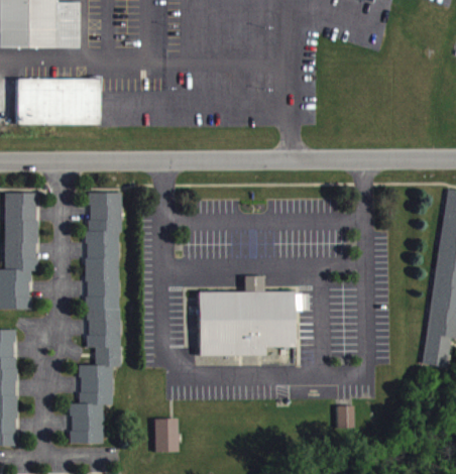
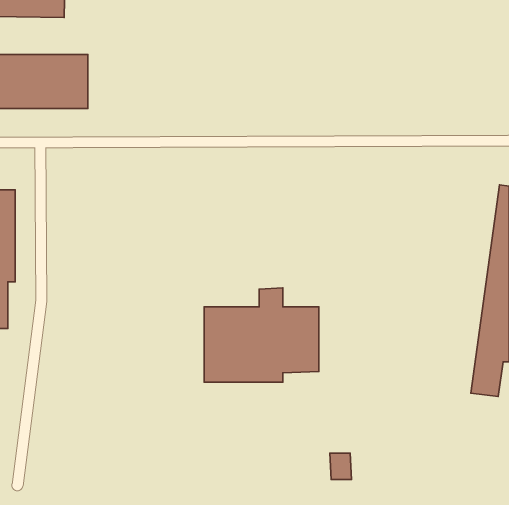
building: [70,192,120,443] -> none
building: [335,405,353,428] -> [330,453,351,479]
building: [152,418,177,452] -> none

